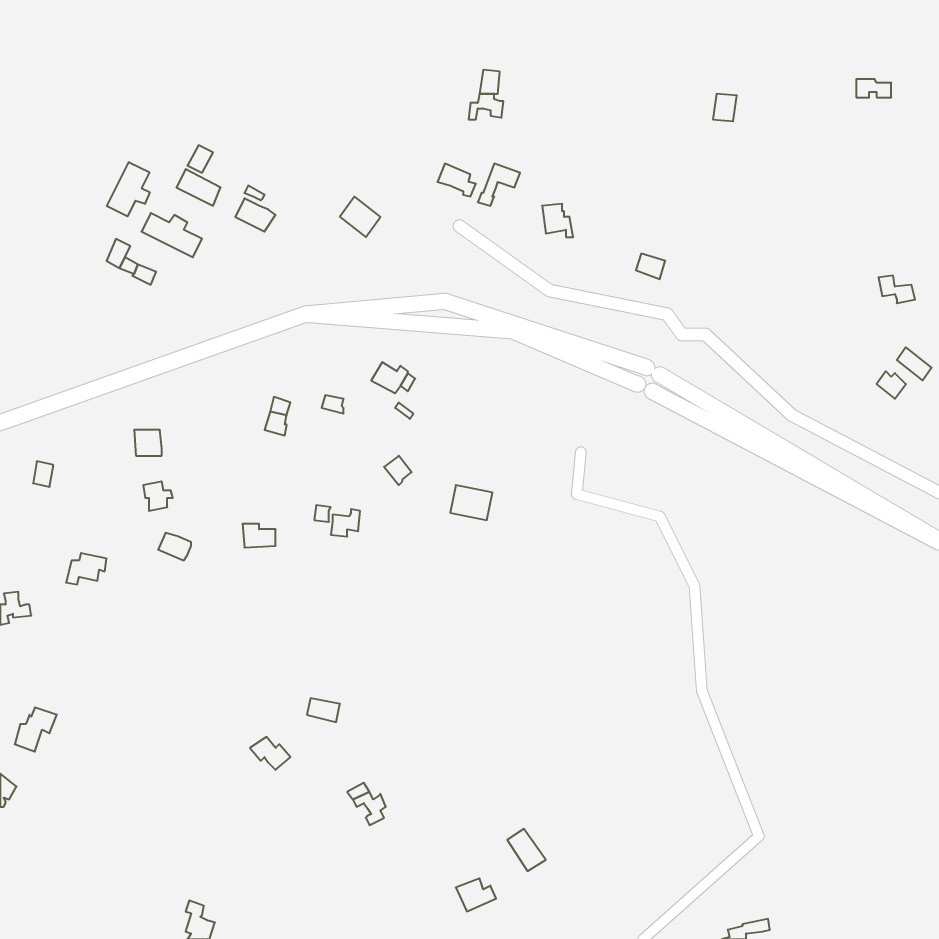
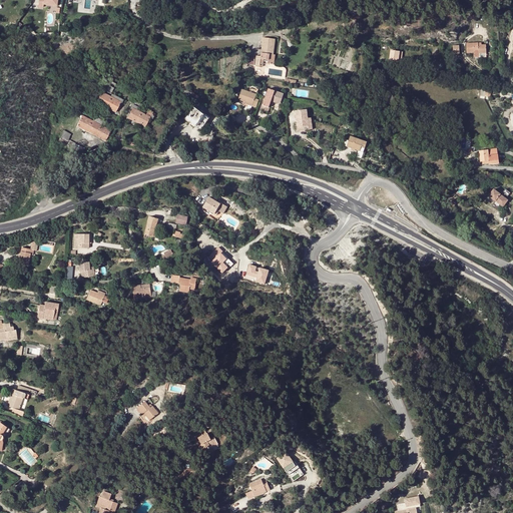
building: [107,162,150,216] -> none

